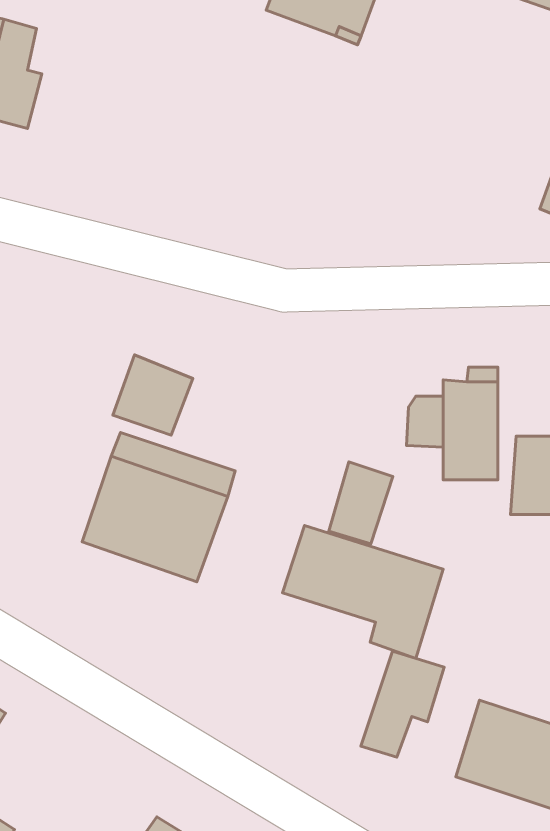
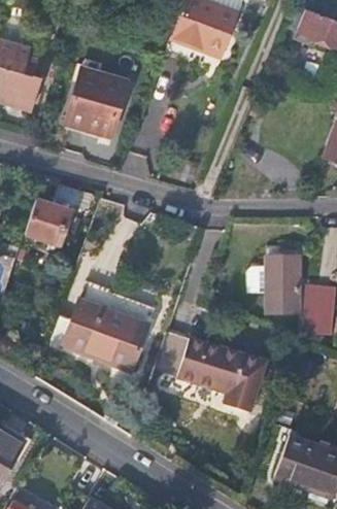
building: none -> [65,71,127,137]
building: [113,355,193,435] -> [27,200,72,245]
building: [329,462,393,544] -> [155,328,191,374]
building: [361,651,444,757] -> none

